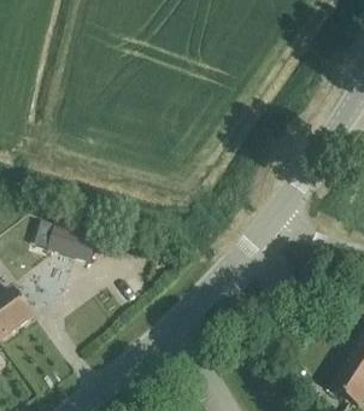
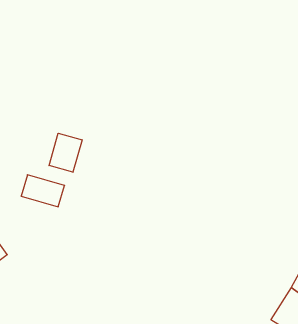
building: none -> [49,133,82,172]

